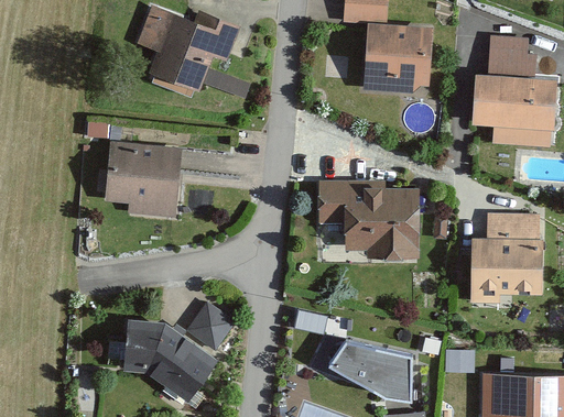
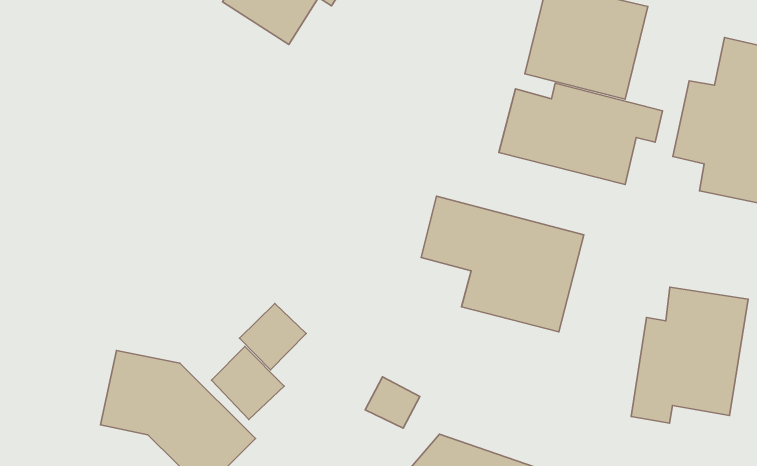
building: none -> [499,83,663,185]
building: [104,141,182,218] -> none
building: none -> [239,303,306,370]

